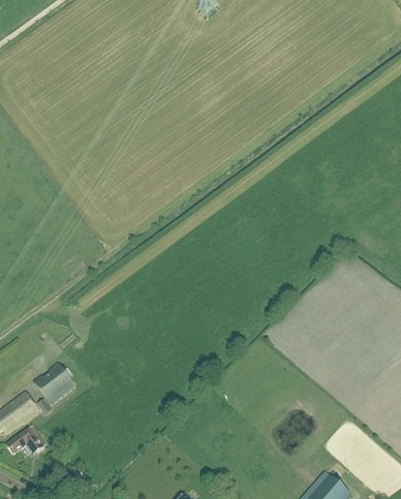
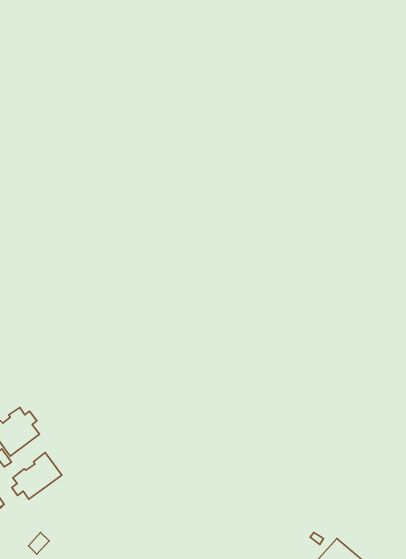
building: none -> [12,453,62,499]

